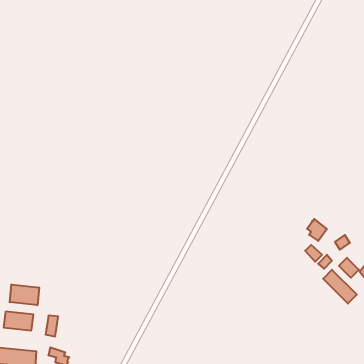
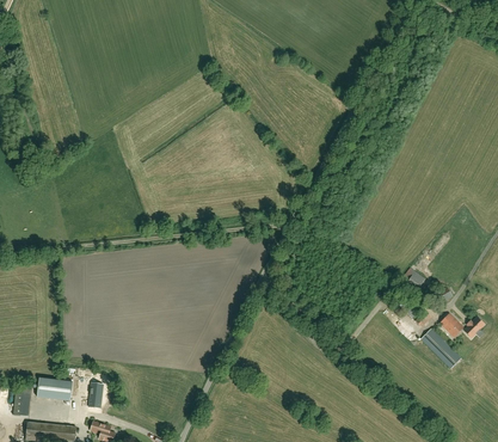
building: [10,284,39,305] -> none

